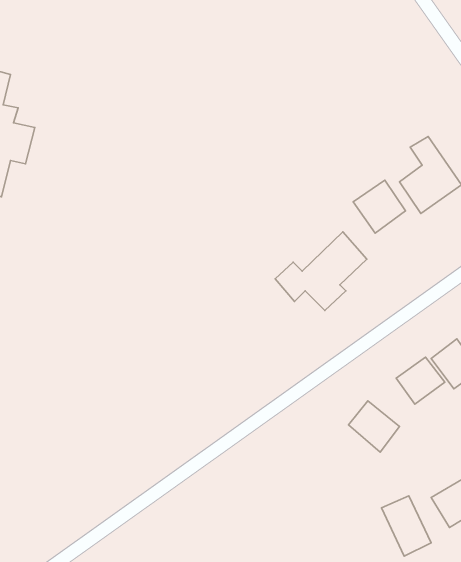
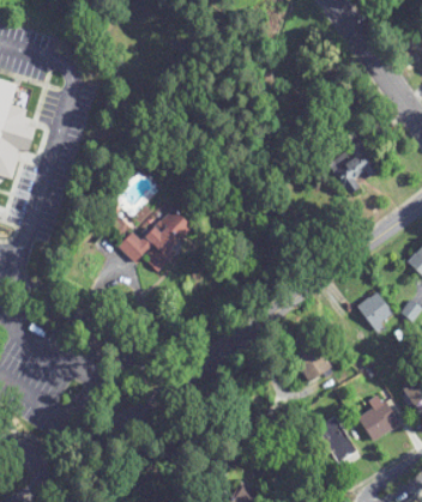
building: [353,180,405,233] -> none
building: [275,232,367,310] -> [117,207,191,270]
building: [396,357,445,404] -> none

